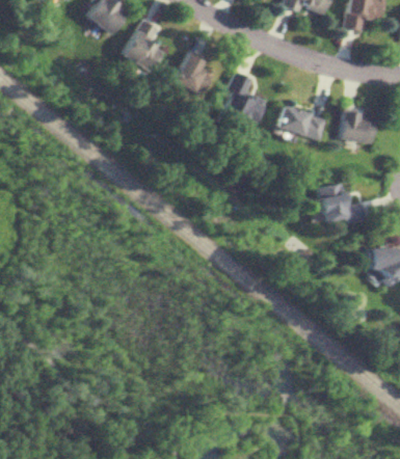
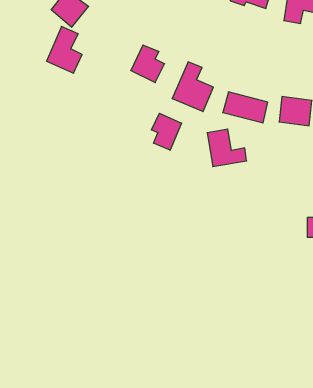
building: [126,19,165,71] -> [46,26,82,73]
building: none -> [151,113,182,150]
building: [321,183,365,224] -> [207,129,247,167]

